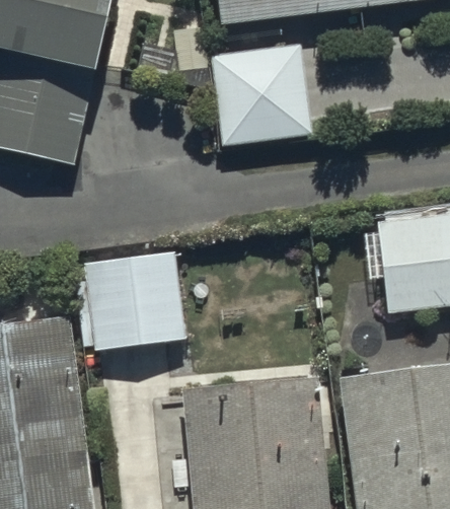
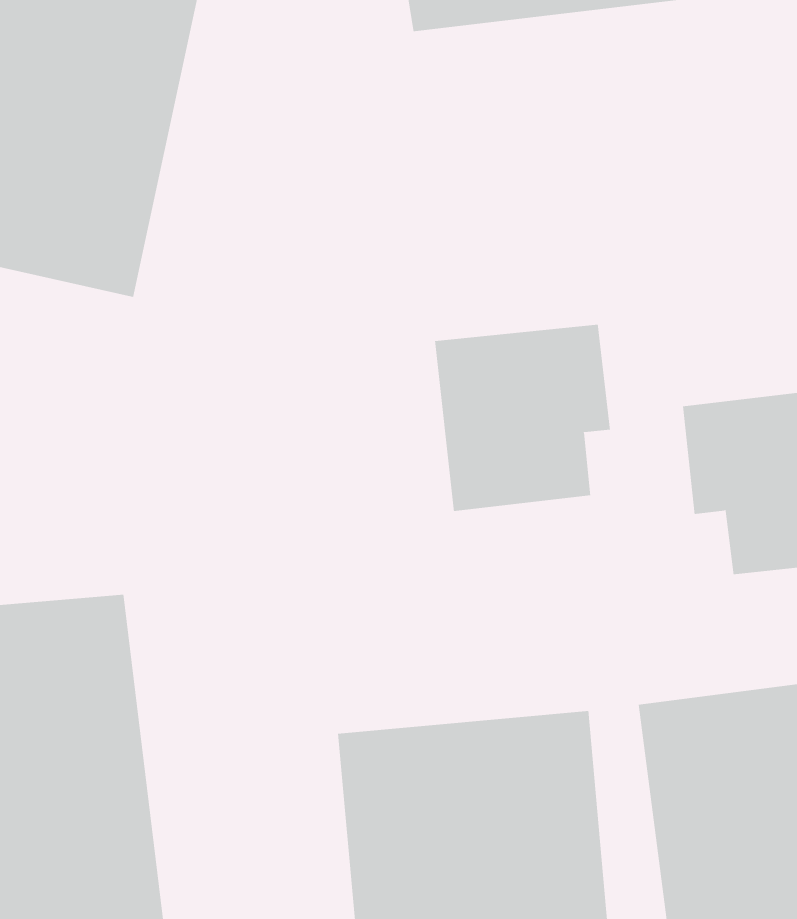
building: [210,44,309,144] -> none
building: none -> [435,324,610,512]
building: [88,251,185,352] -> none

